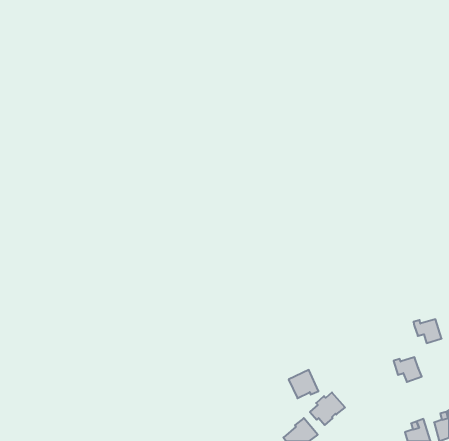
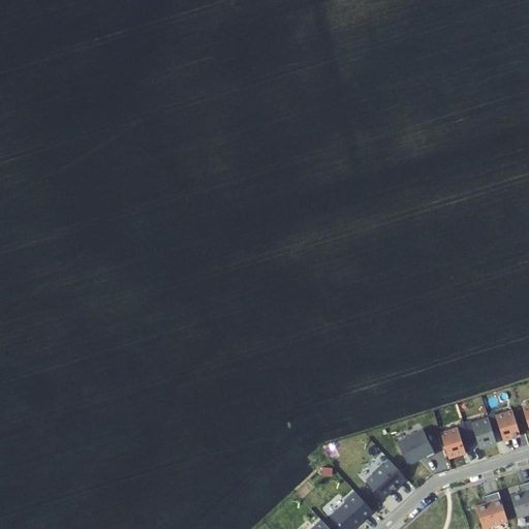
building: [413,319,442,343] -> [486,411,519,439]
building: none -> [440,423,467,457]
building: [289,370,319,398] -> [398,431,433,464]

